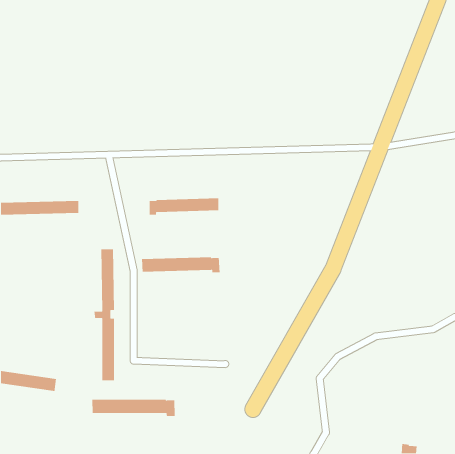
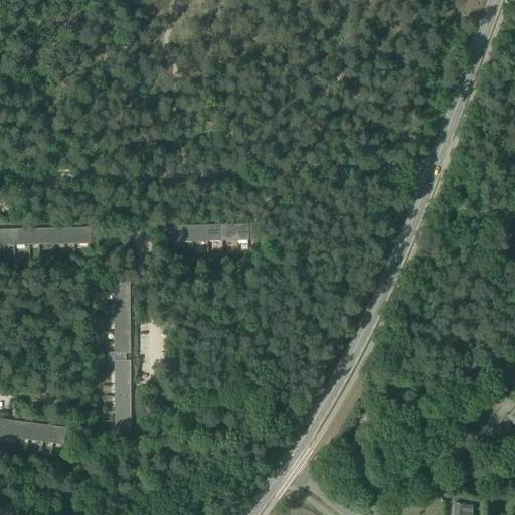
building: [141,257,221,273] -> none
building: [91,399,176,417] -> none

